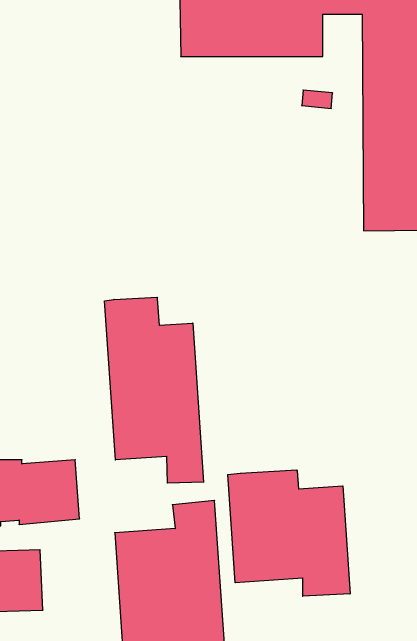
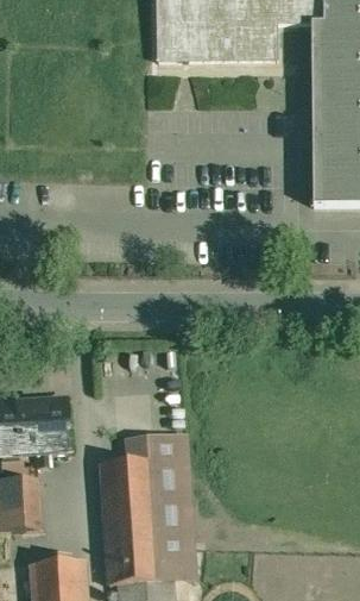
building: [105,297,204,483] -> none
building: [228,470,350,596] -> none

